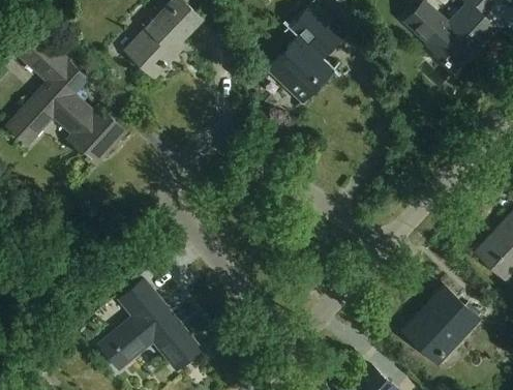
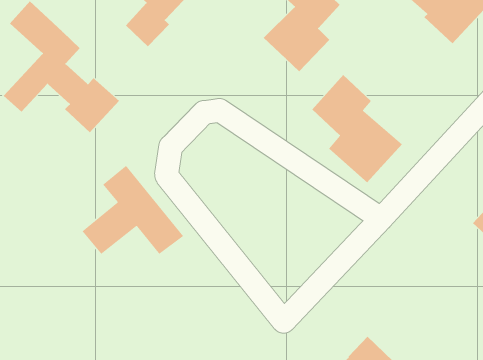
building: none -> [312,74,403,183]
building: [98,279,201,369] -> [82,165,184,255]
building: [403,287,479,363] -> none

